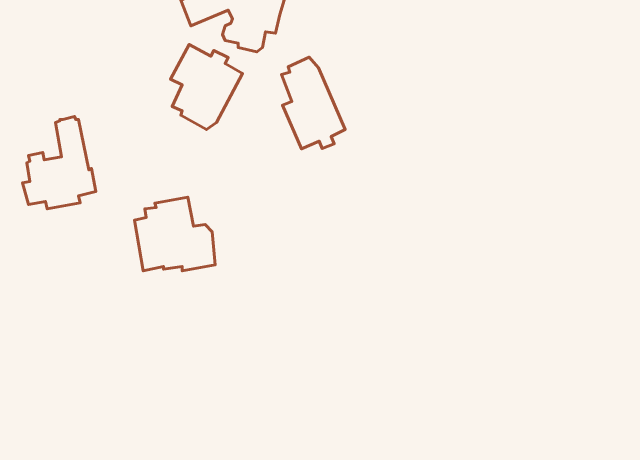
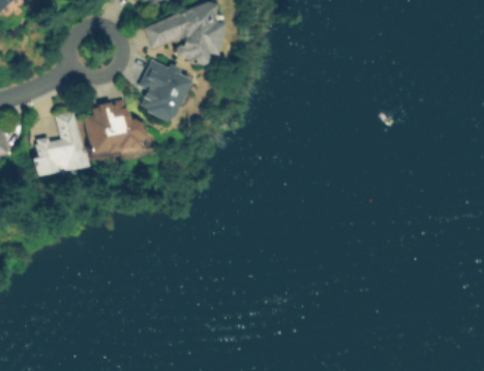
building: [281,57,345,149] -> none
building: [135,197,215,271] -> [86,101,144,153]

